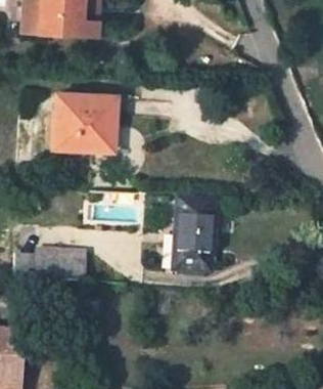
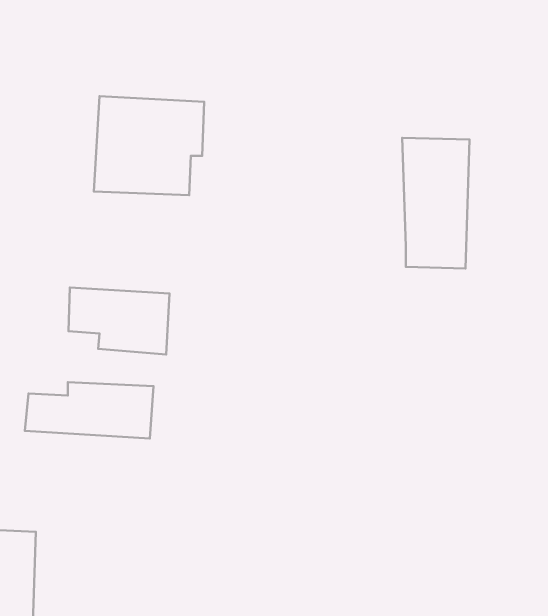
building: [176,198,213,269] -> [402,138,469,269]
building: none -> [68,288,169,355]

